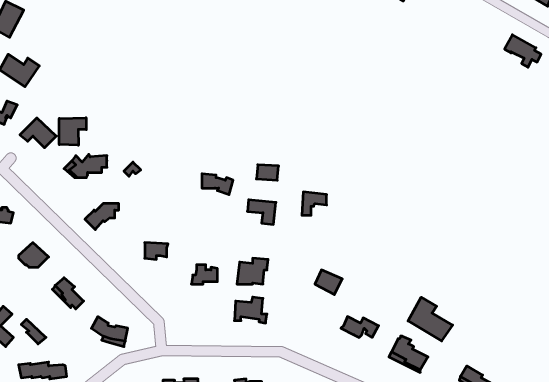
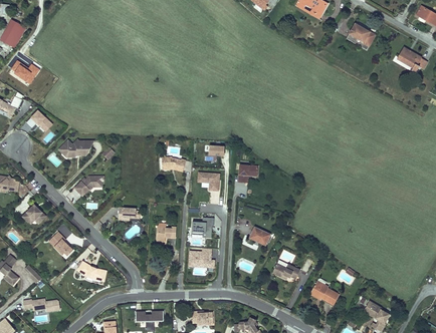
building: none -> [349,23,377,50]
building: [59,118,86,145] -> none
building: [408,297,453,341] -> none

